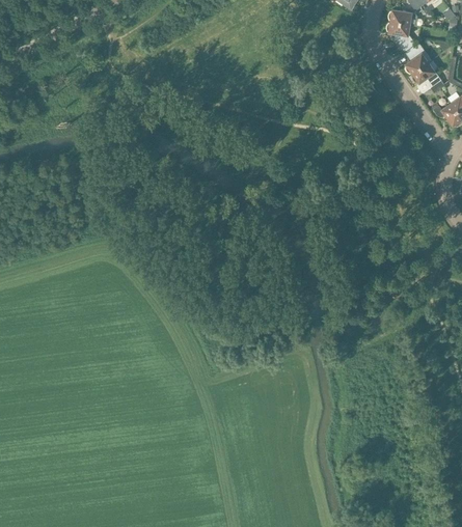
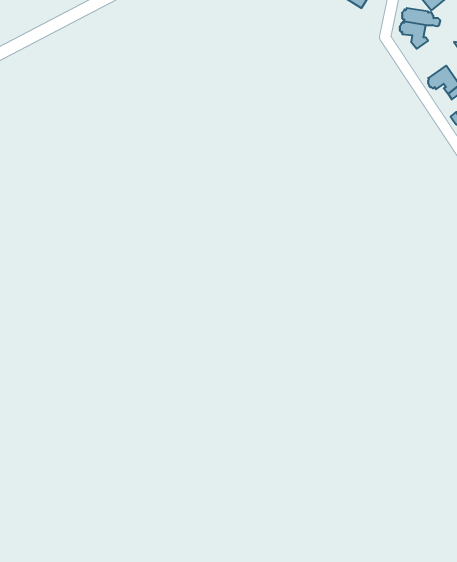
building: [403,38,430,73] -> none

